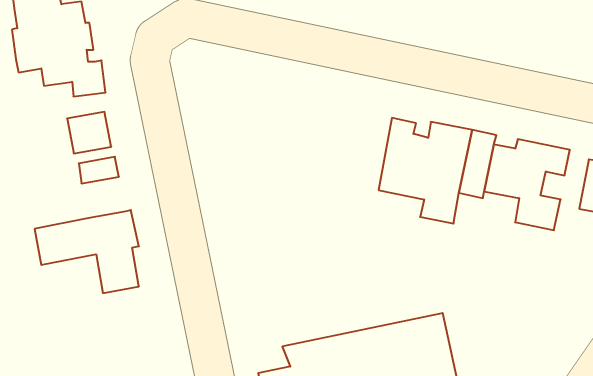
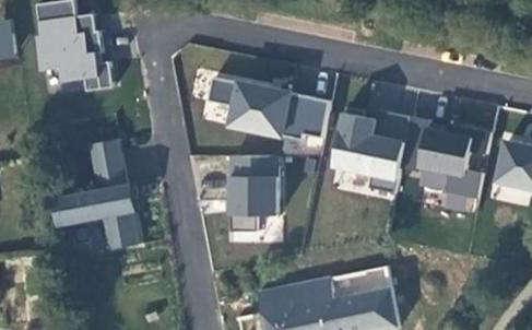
building: none -> [206,78,329,140]
building: [67,112,111,153] -> [91,155,127,189]
building: none -> [229,156,277,232]

